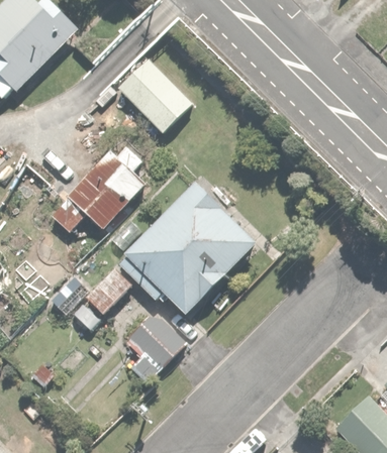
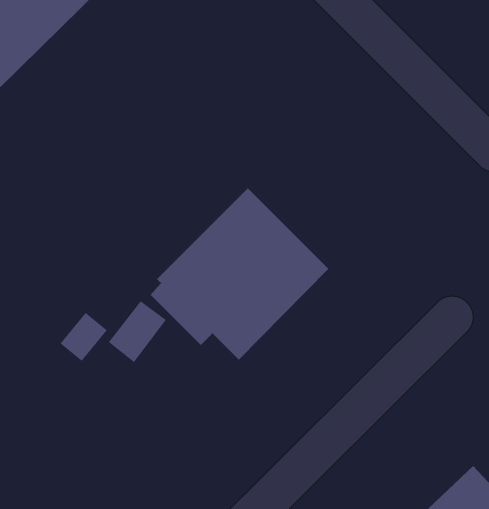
building: [115,55,195,134] -> none
building: [51,144,144,230] -> none
building: [124,314,184,383] -> none

